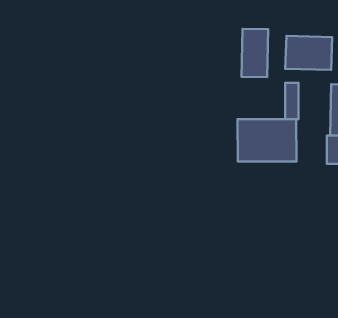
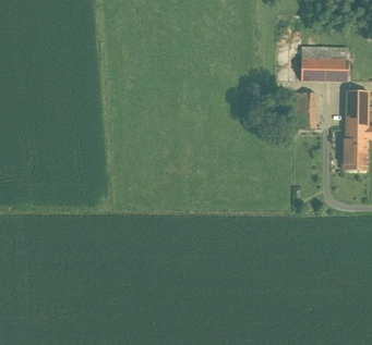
building: [241,29,268,77] -> none
building: [237,119,296,162] -> none

